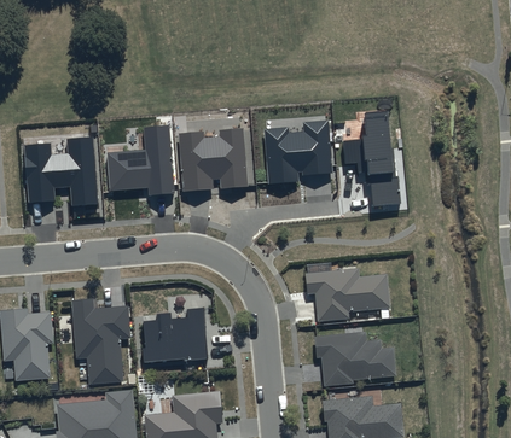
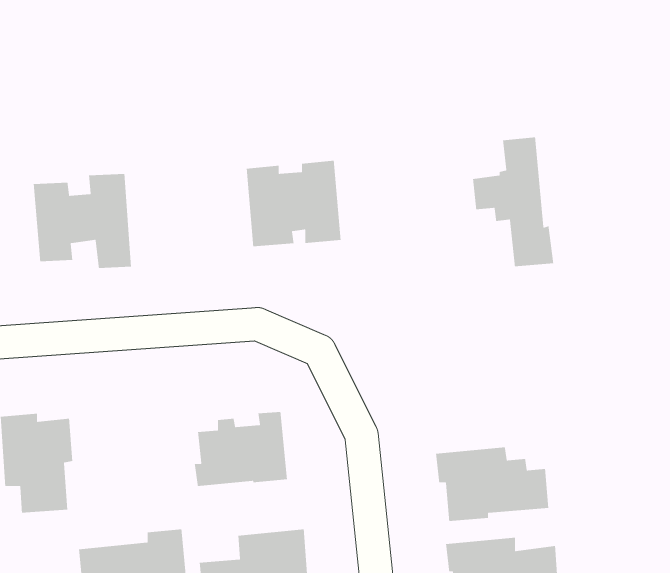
building: [262,117,331,181] -> none
building: [105,122,173,192] -> none
building: [306,269,390,321] -> none
building: [71,298,130,384] -> none

